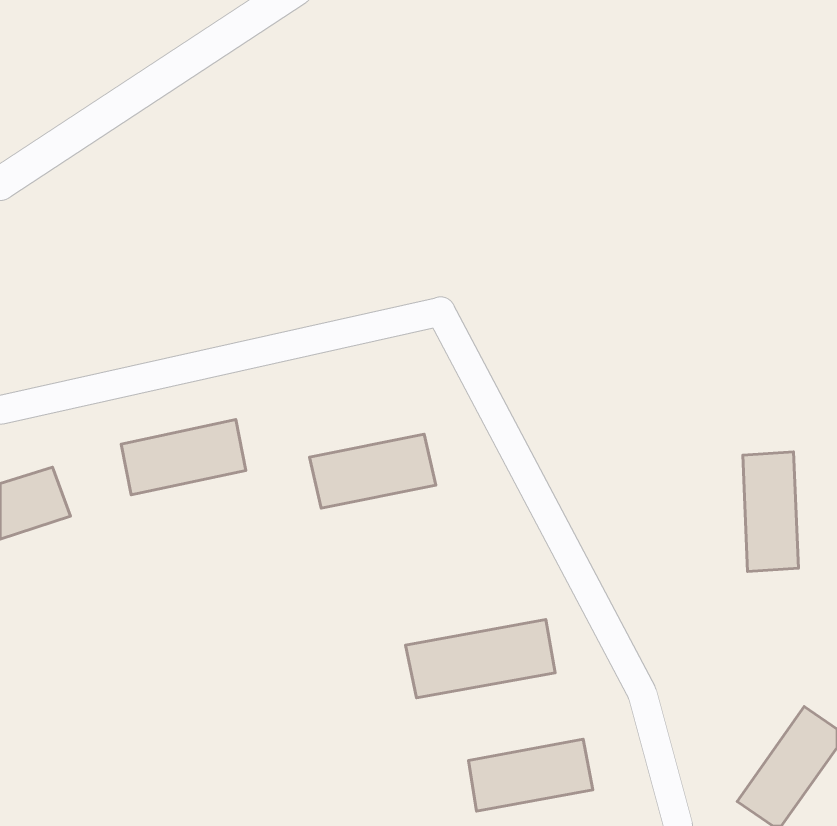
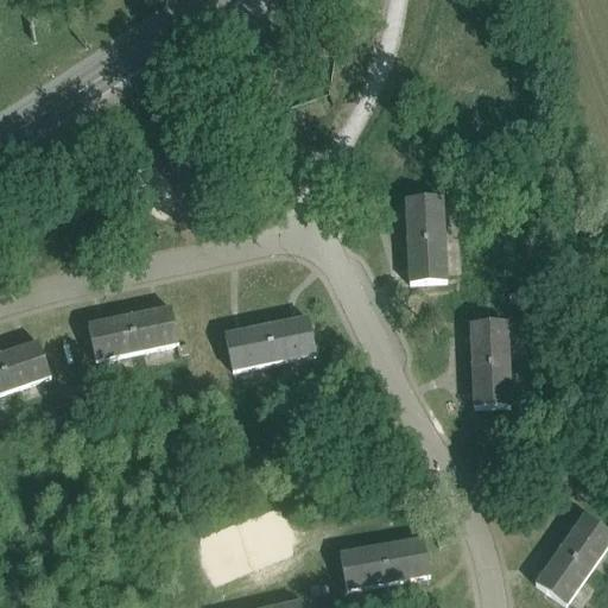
building: none -> [405,194,446,280]
building: [743,452,798,572] -> [470,318,511,405]
building: [406,620,555,698] -> none

